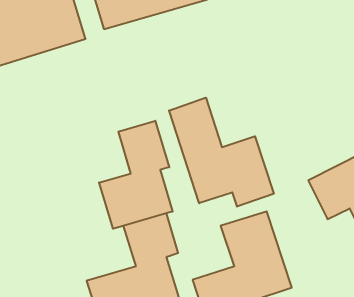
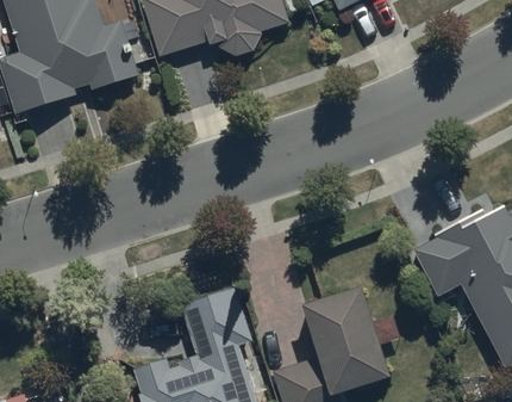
building: [169,98,274,207] -> none
building: [99,121,173,229] -> none

